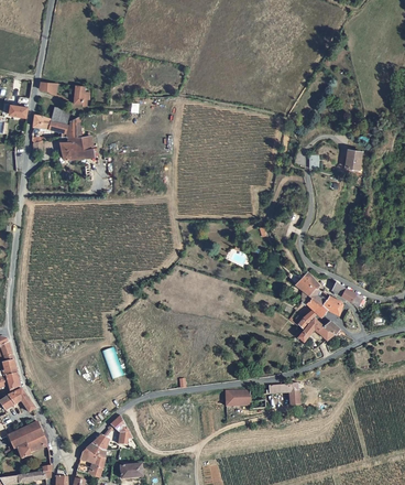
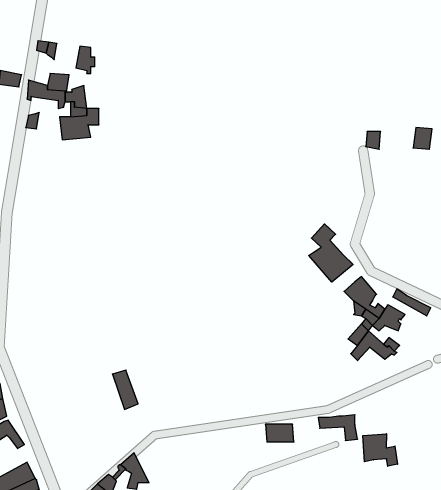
building: none -> [309,224,353,282]
building: none -> [363,434,398,466]

